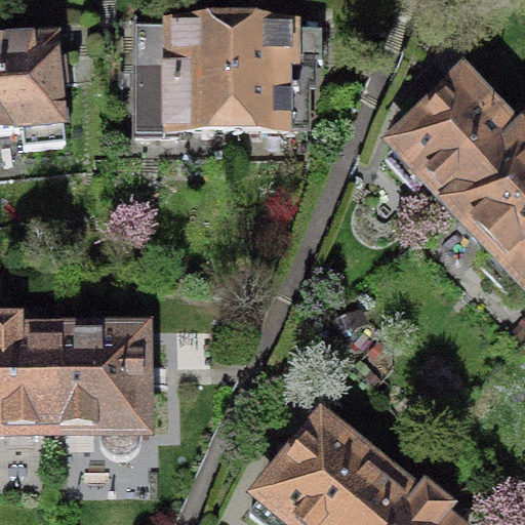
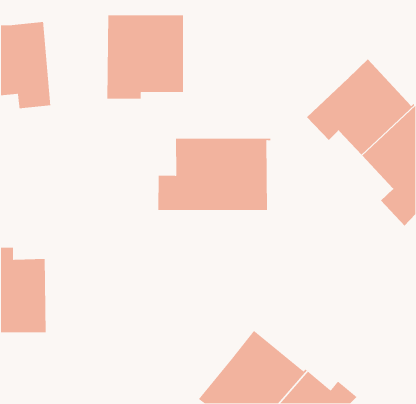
building: [232,17,322,117] -> none
building: none -> [157,138,272,211]
building: [57,325,142,445] -> none

